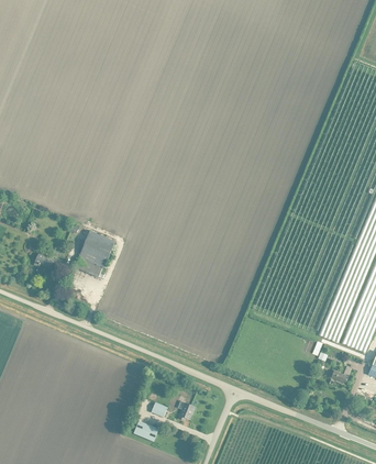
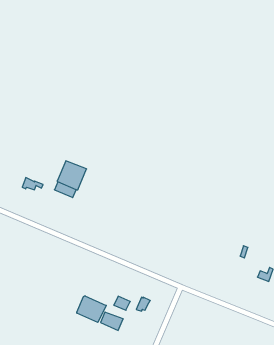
building: none -> [77,296,106,322]

